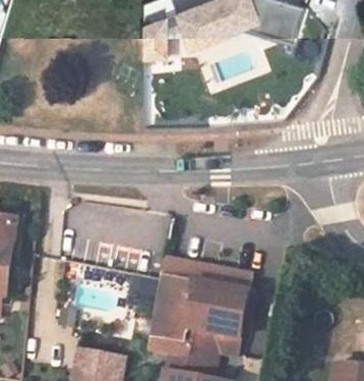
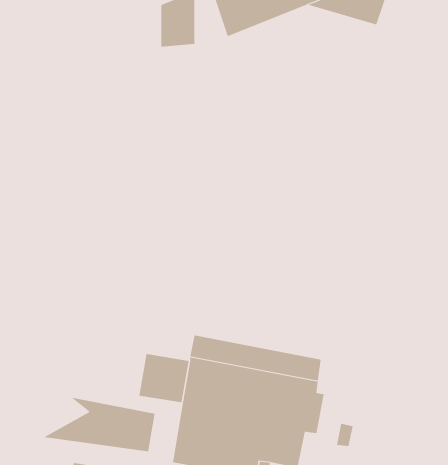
building: none -> [43,397,155,452]

